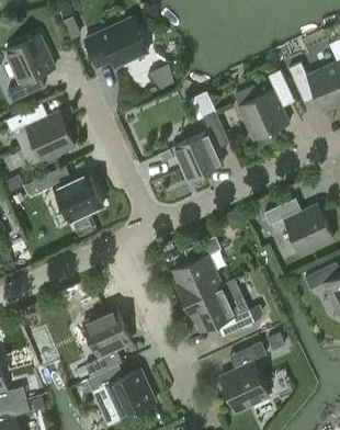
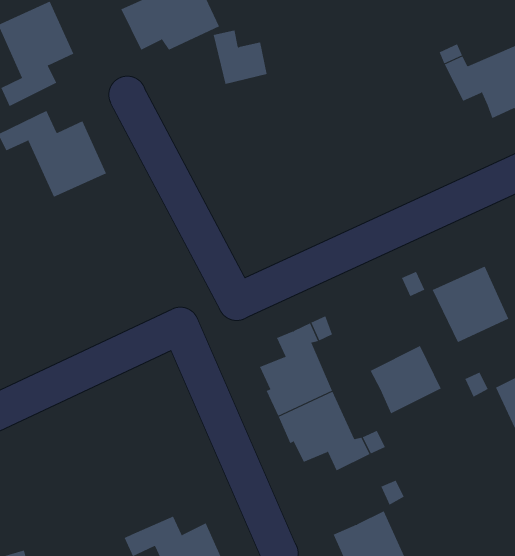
building: [233,70,293,140] -> none
building: [173,111,228,180] -> none
building: [33,166,102,222] -> none
building: none -> [370,345,441,414]
building: [81,308,131,377] -> none

